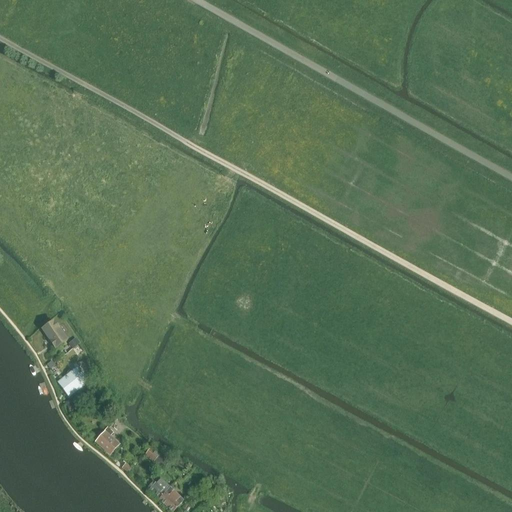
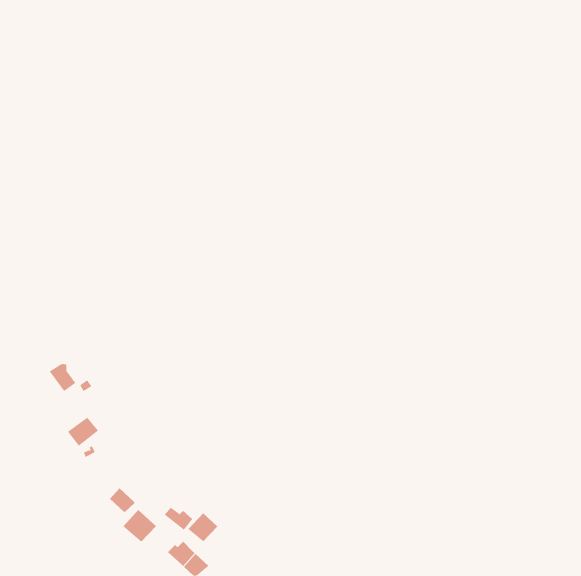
building: none -> [122,509,157,542]
building: none -> [188,512,218,542]

